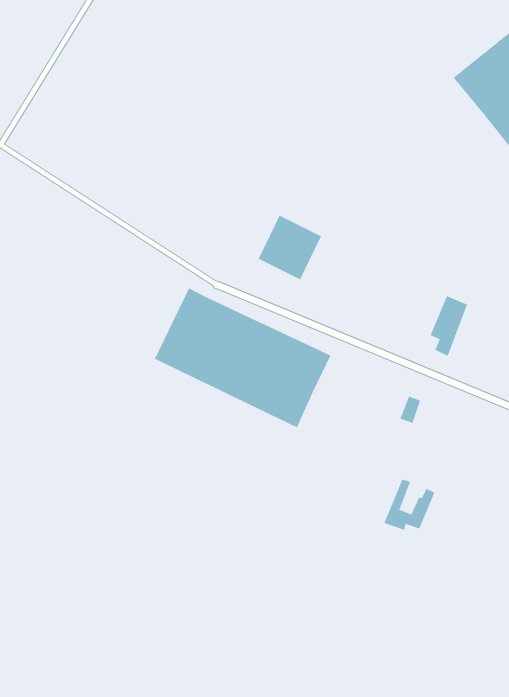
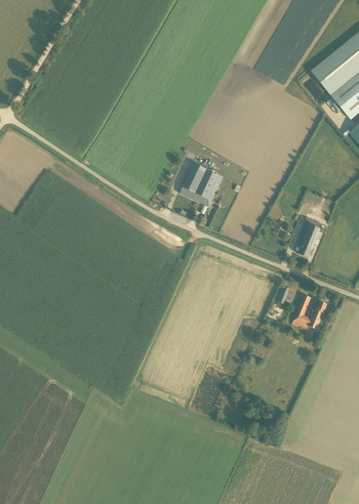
building: [154,288,331,428] -> none
building: [383,479,435,531] -> [291,294,326,329]

